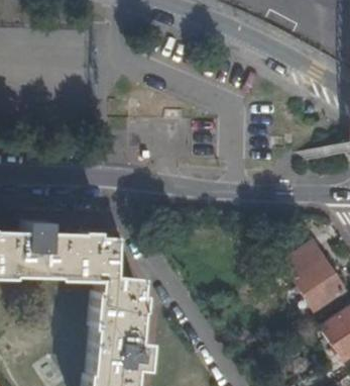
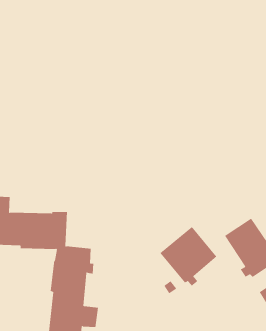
building: none -> [160,226,217,287]

